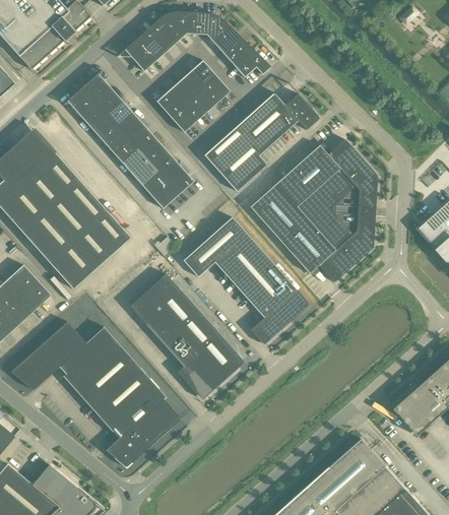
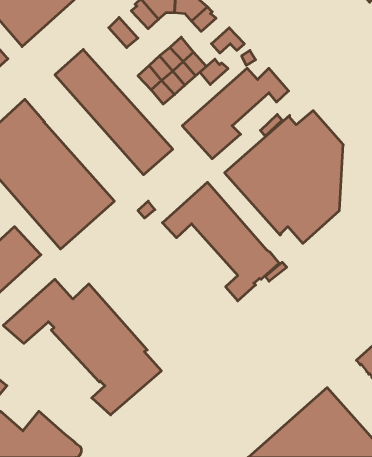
building: [136,31,168,61] -> none
building: [224,40,255,67] -> [200,59,228,85]
building: [129,273,245,399] -> none

